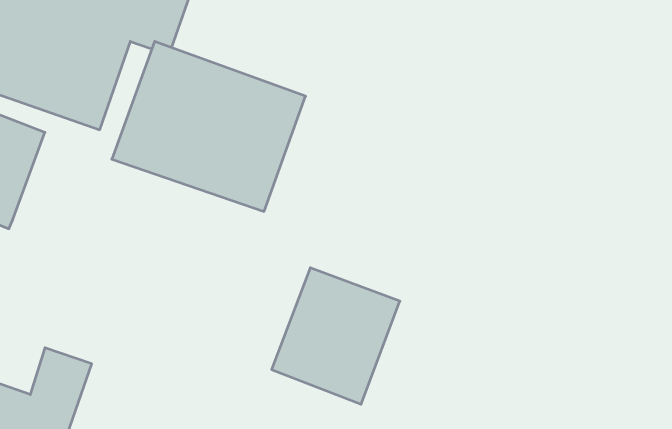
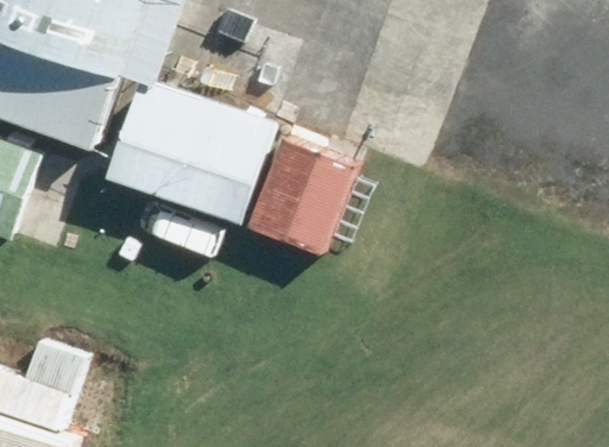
building: [272,268,400,404] -> [246,134,360,256]

